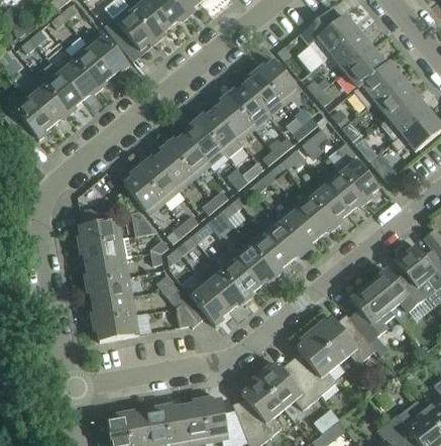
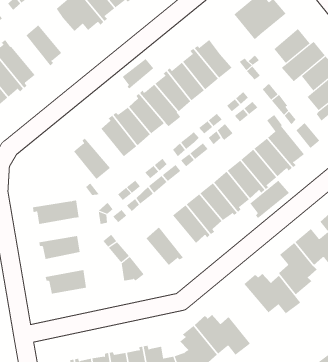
building: [86,30,129,75] -> none
building: [331,31,372,71] -> none
building: [57,55,99,99] -> none
building: none -> [122,58,154,90]
building: [137,158,180,202] -> none
building: [78,206,122,245] -> none
building: none -> [249,180,290,219]
building: [219,254,259,301] -> none
building: [85,257,129,284] -> none
building: [188,280,229,326] -> none
building: [92,295,136,322] -> none
building: [296,330,339,396] -> none

